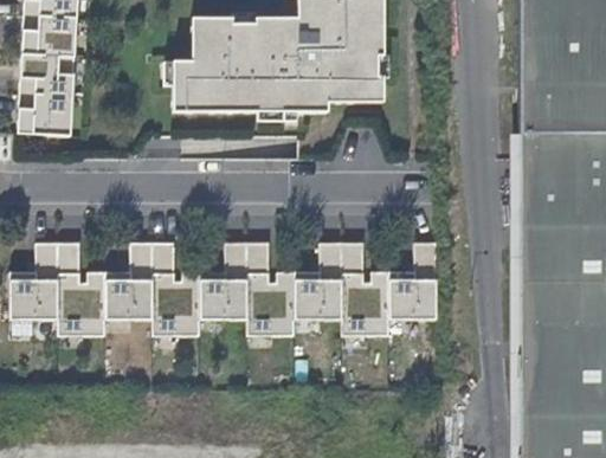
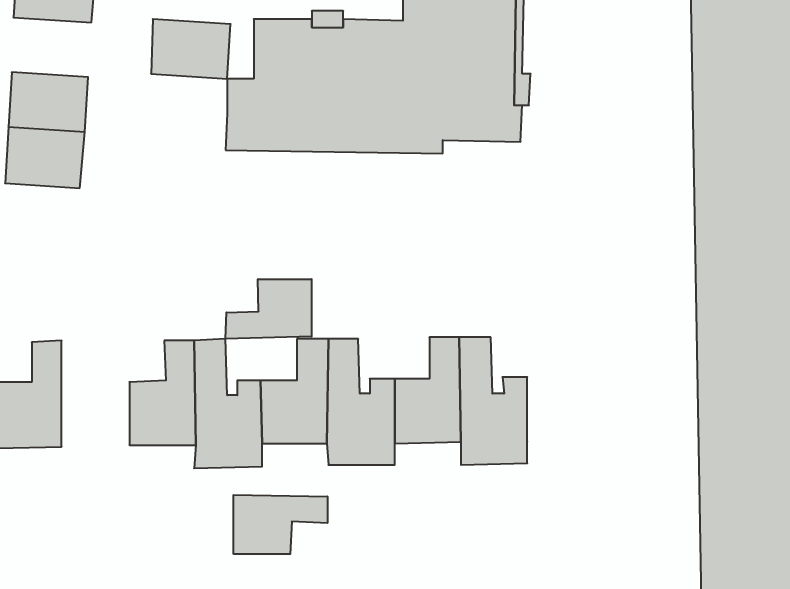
building: [21,14,78,57] -> [151,19,231,79]
building: none -> [226,279,312,339]
building: [389,241,437,317] -> none
building: [57,245,105,337] -> none
building: none -> [234,495,327,554]

